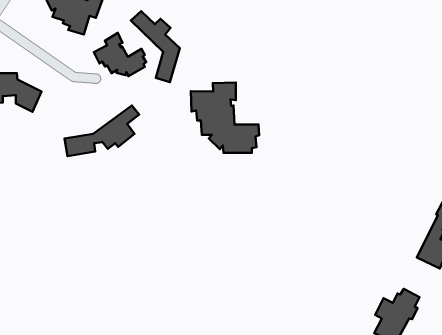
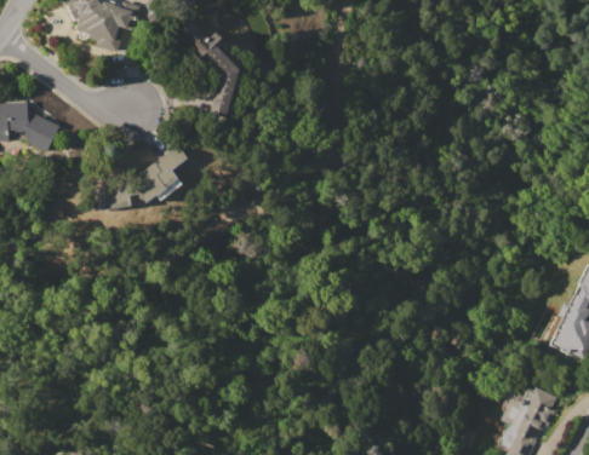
building: [94,33,146,76] -> none
building: [191,83,259,153] -> none

